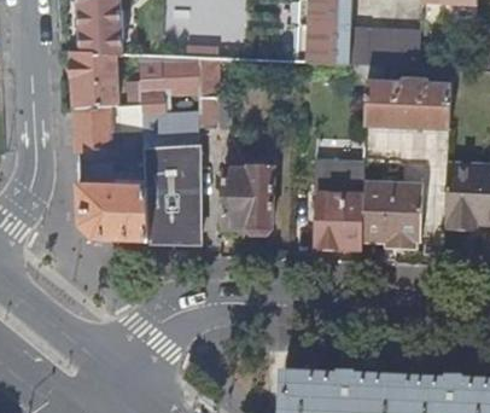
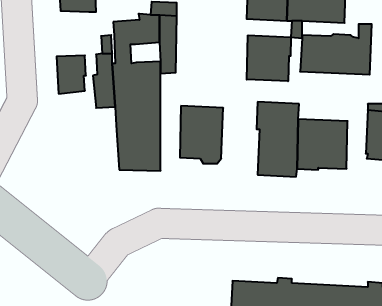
building: [72,52,116,106] -> none
building: none -> [247,35,291,81]
building: [78,161,150,242] -> none

